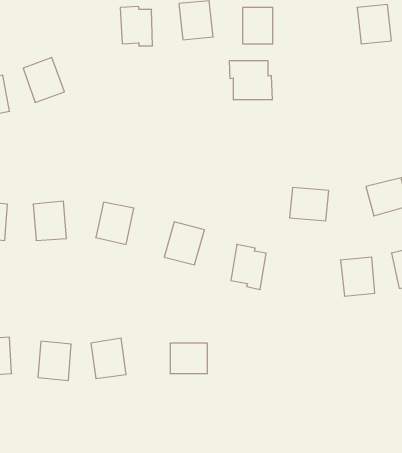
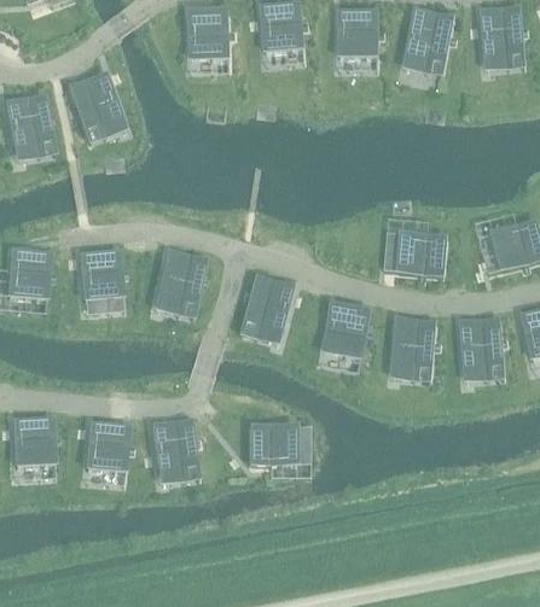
building: none -> [407,11,453,63]
building: [229,61,272,100] -> none
building: none -> [394,321,435,368]

